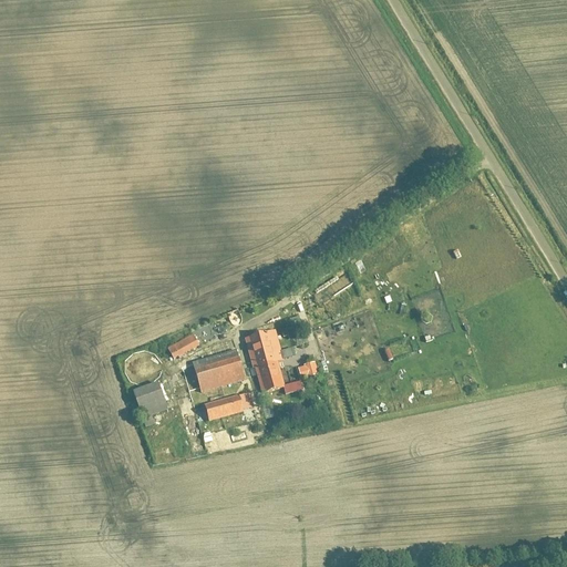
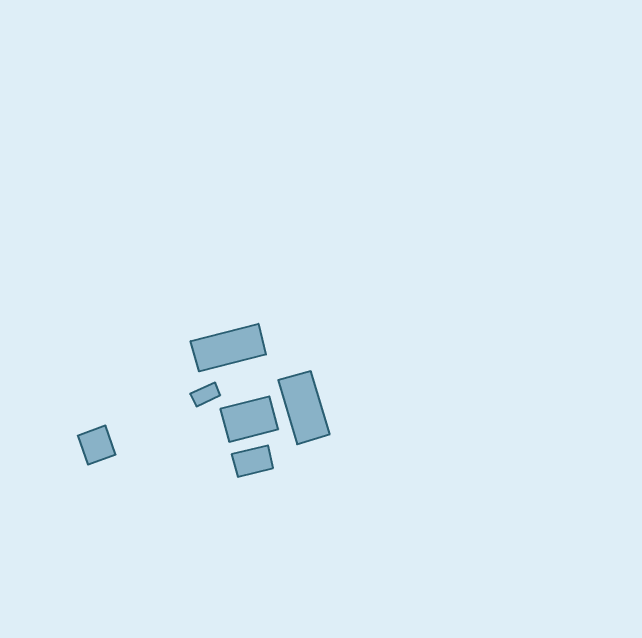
building: none -> [191,324,266,371]
building: [134,383,167,417] -> [78,426,116,465]

